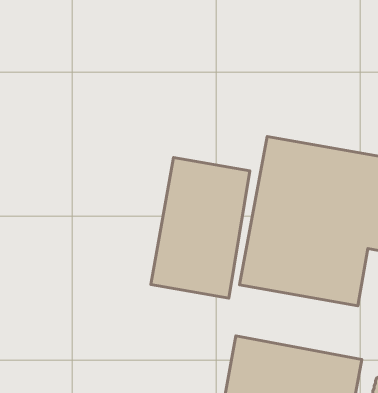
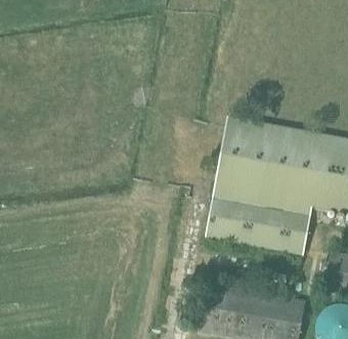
building: [151,158,250,298] -> none

